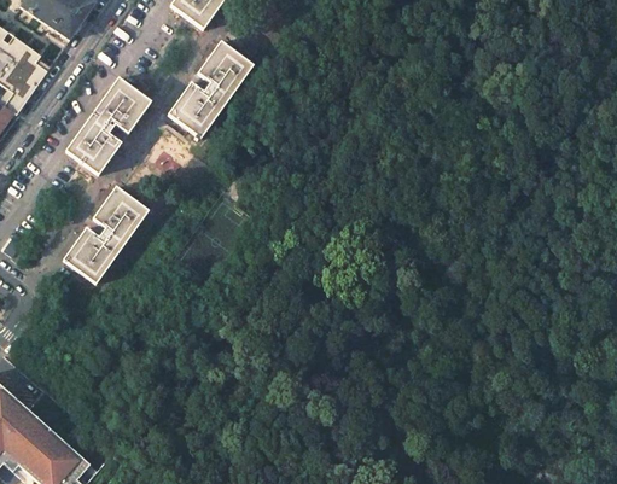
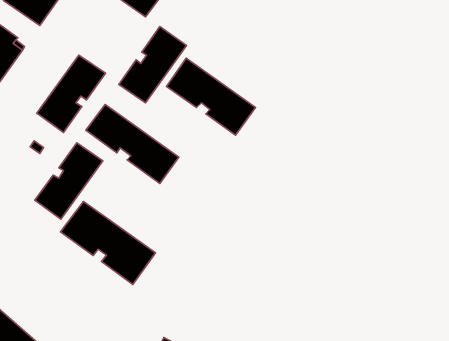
building: none -> [167,58,256,135]
building: none -> [86,104,179,184]
building: none -> [60,201,156,285]

